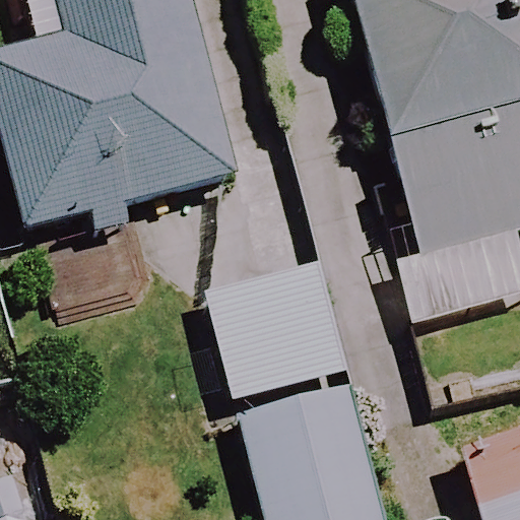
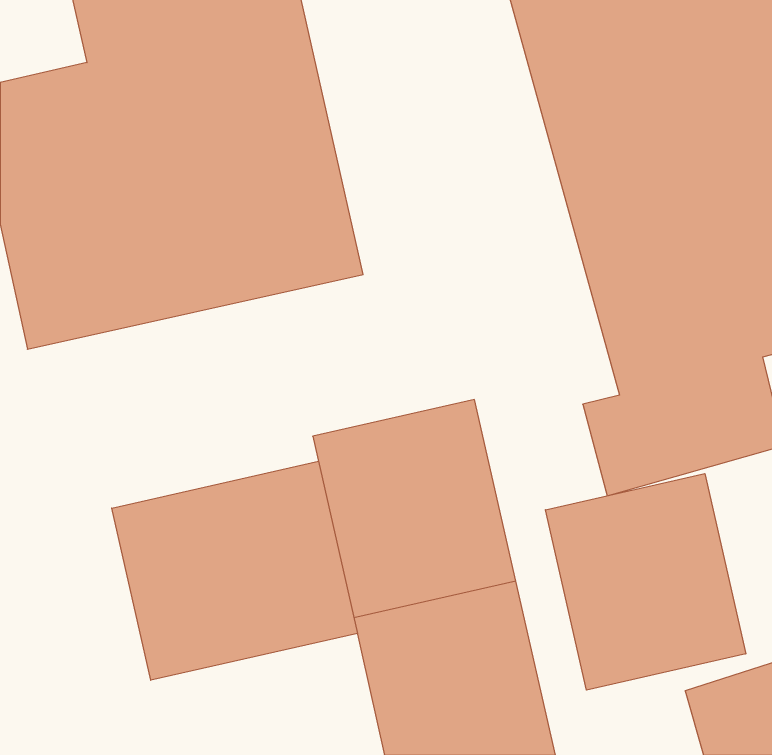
building: none -> [112,461,357,680]
building: none -> [545,474,746,690]

